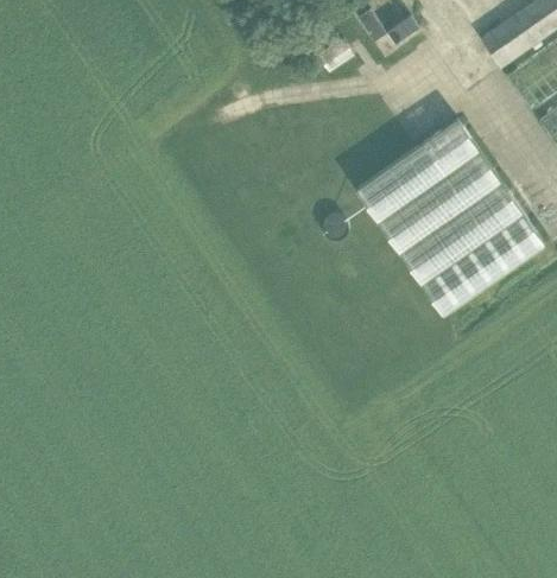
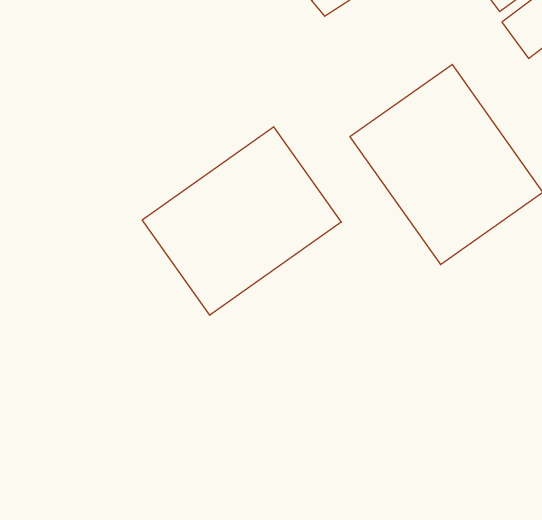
building: none -> [142,127,341,315]

